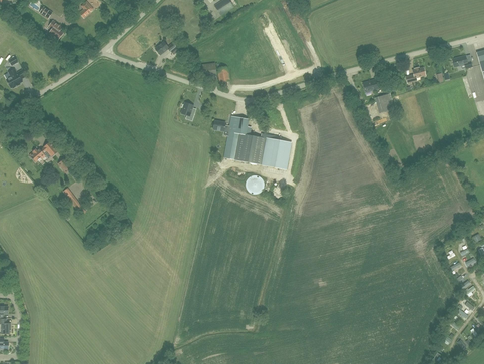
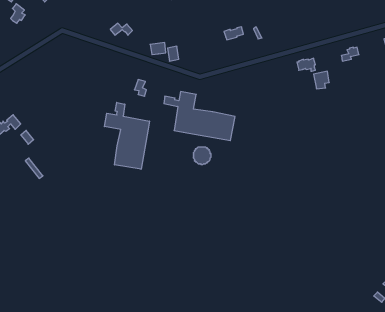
building: none -> [104,102,149,169]

